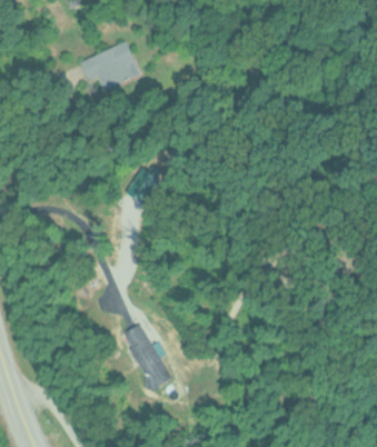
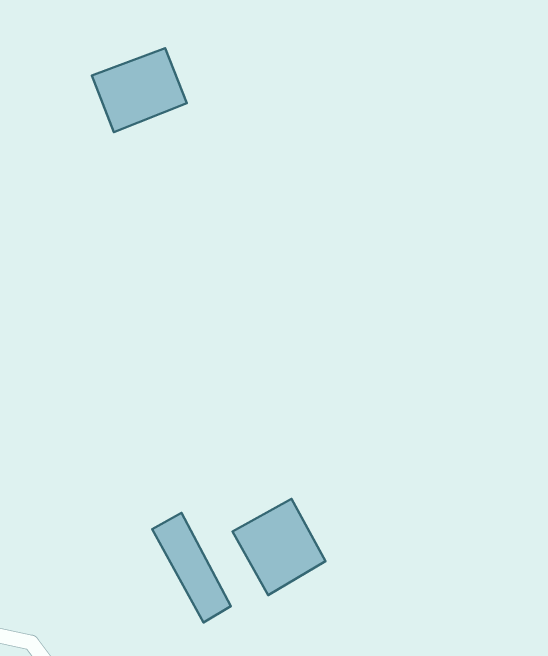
building: none -> [232,499,326,595]

